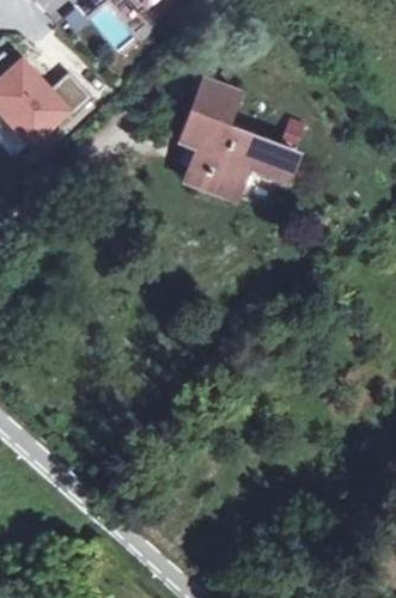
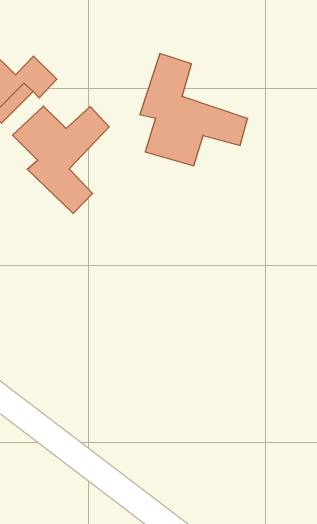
building: none -> [13,106,109,214]

